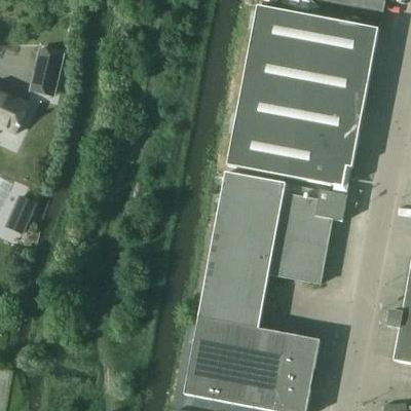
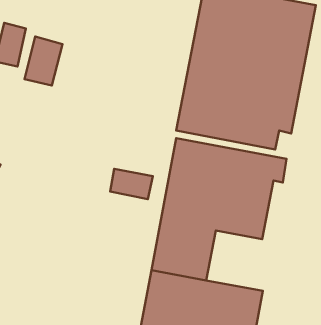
building: none -> [25,37,63,85]
building: none -> [110,169,153,199]

